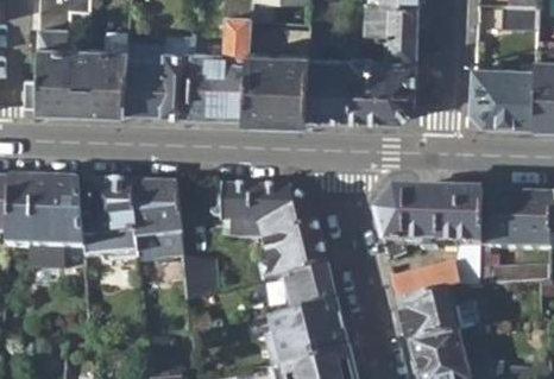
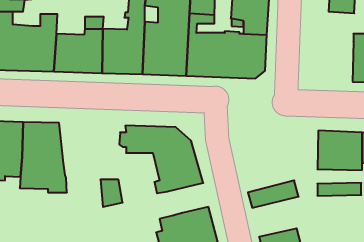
building: [471,68,536,125] -> none
building: [128,182,184,261] -> none
building: [373,189,487,254] -> none
building: [278,265,335,310] -> none
building: [396,283,478,340] -> none

